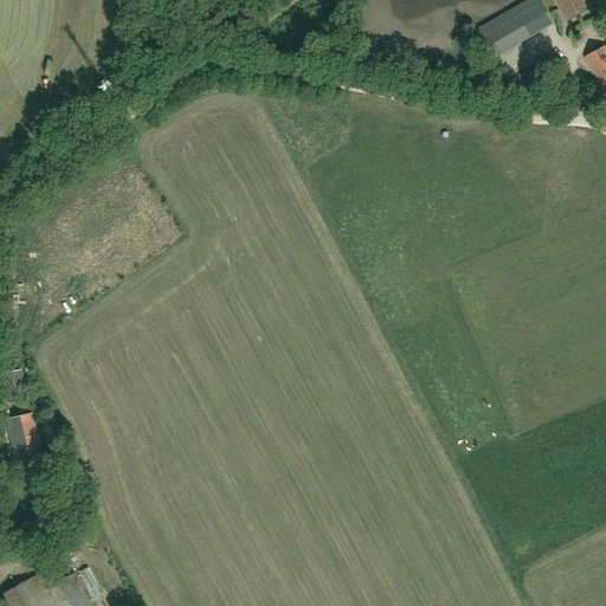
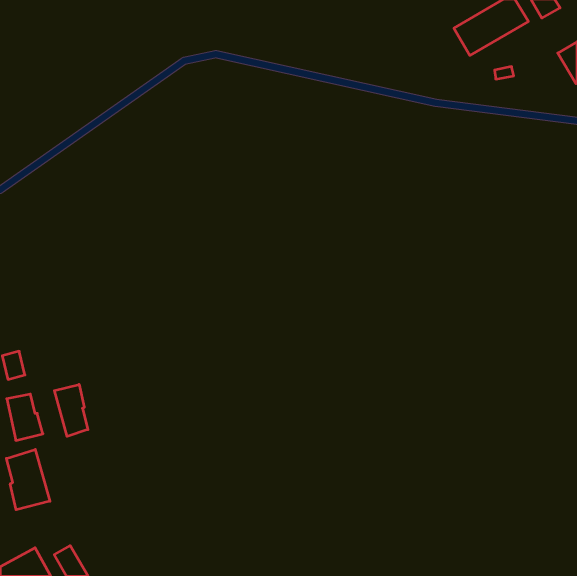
building: none -> [54,384,88,436]
building: none -> [6,449,50,510]

